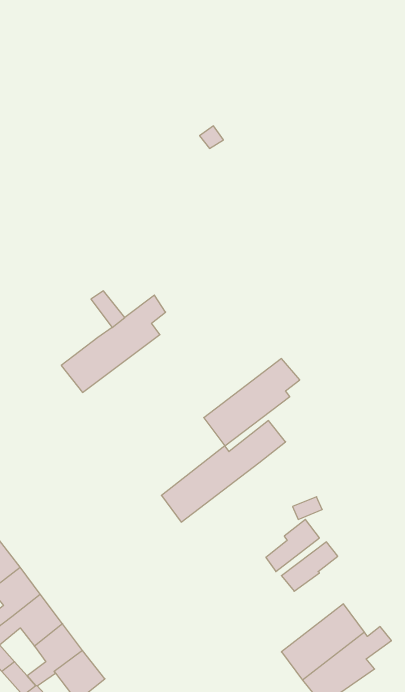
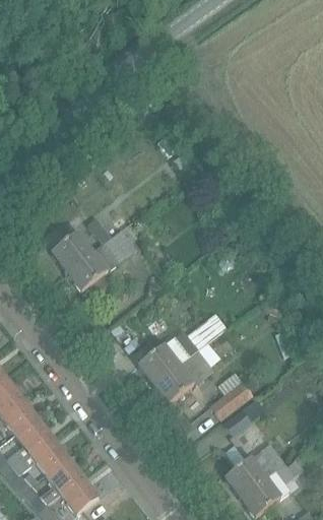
building: none -> [50,231,91,270]
building: [204,359,300,446] -> [151,340,220,403]

